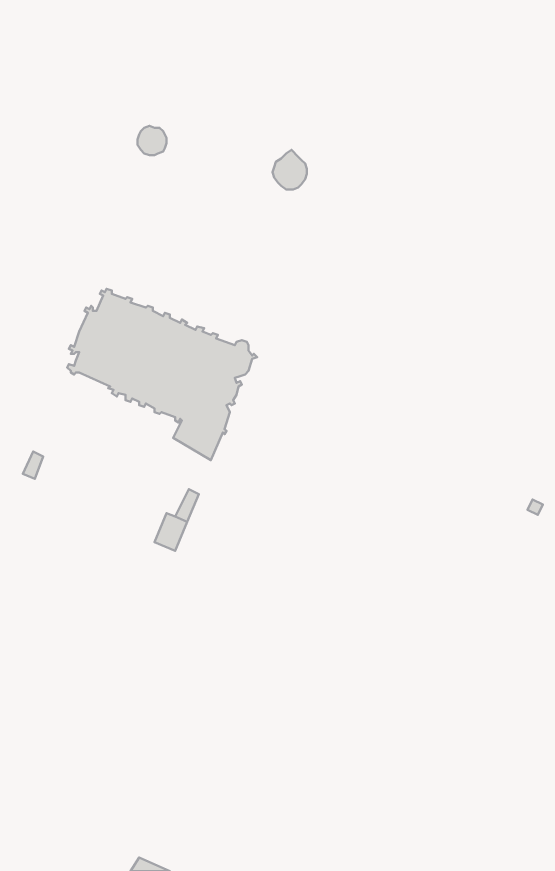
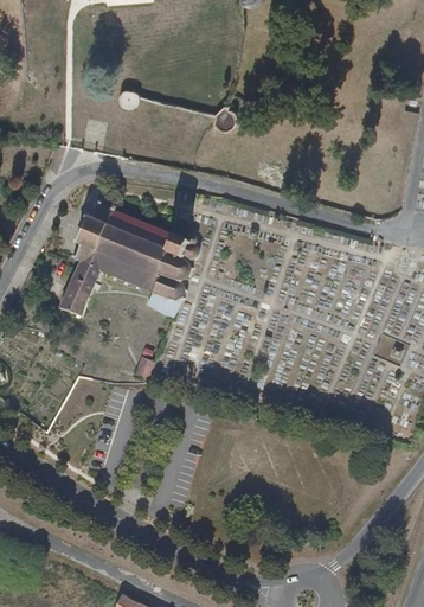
building: none -> [58,260,101,317]

